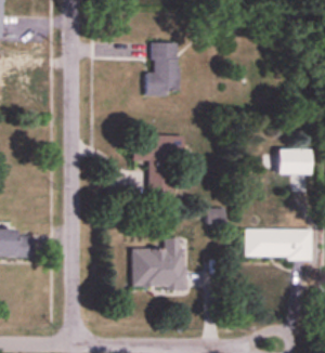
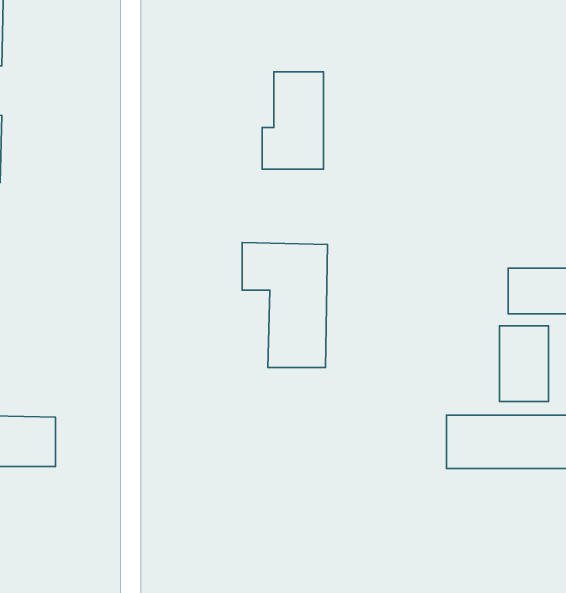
building: none -> [499,326,549,401]
building: [131,238,186,290] -> none

